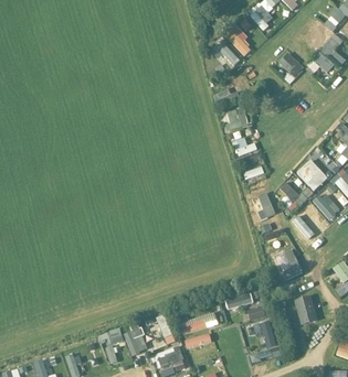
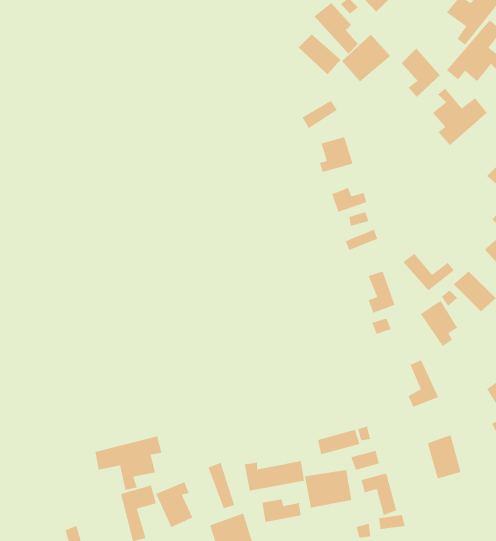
building: none -> [341,34,391,83]
building: none -> [432,87,488,146]
building: [296,159,328,190] -> none
building: none -> [94,436,162,491]
building: none -> [304,469,352,509]

